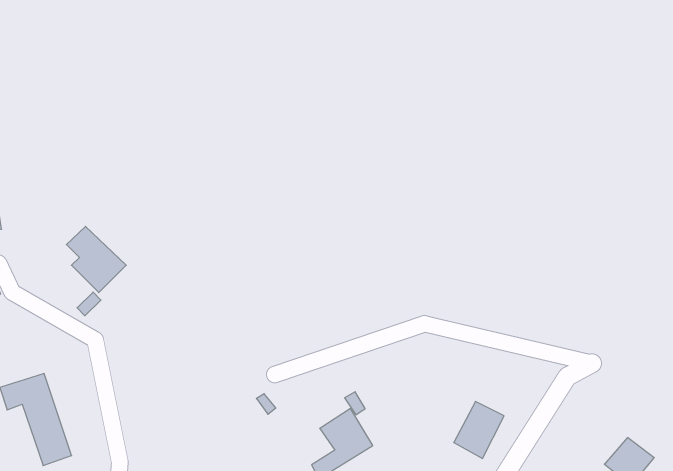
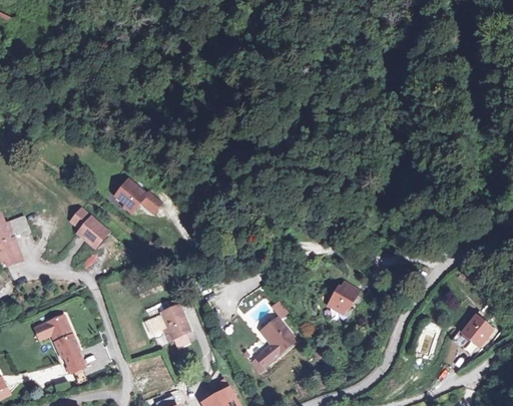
building: none -> [111,177,160,214]
building: none -> [154,305,189,346]
building: [454,401,504,458] -> [327,280,360,319]

